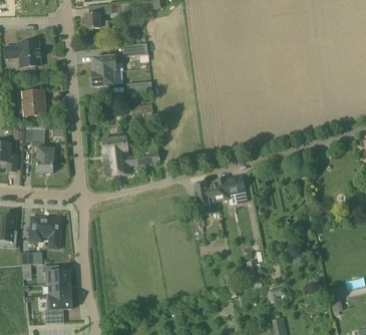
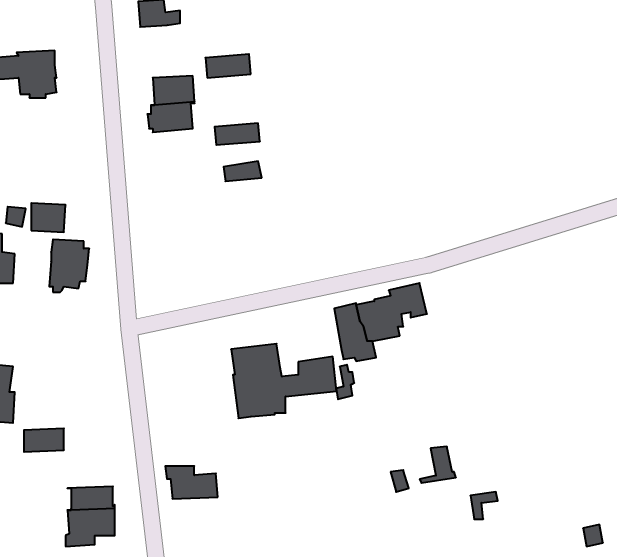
building: [22,89,46,115] -> none
building: [101,135,159,177] -> [231,344,336,418]
building: [30,217,60,247] -> none
building: [42,265,71,283] -> [165,466,218,499]

